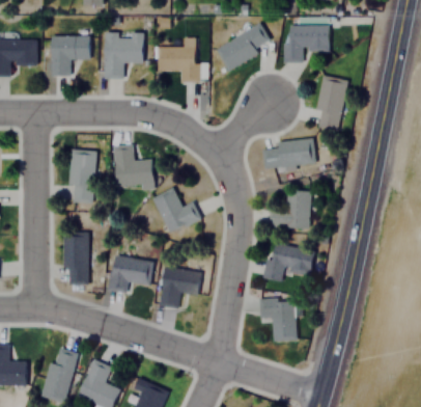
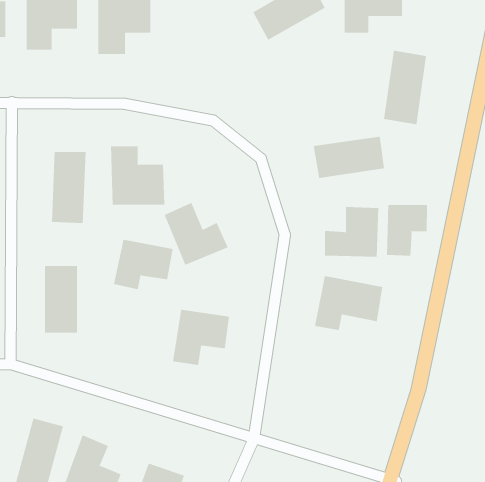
building: [157,46,199,83] -> none
building: none -> [386,204,428,257]
building: [108,255,152,293] -> [113,239,174,290]
building: [262,301,297,342] -> none

